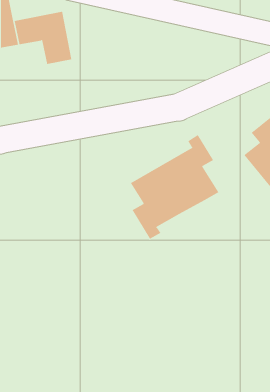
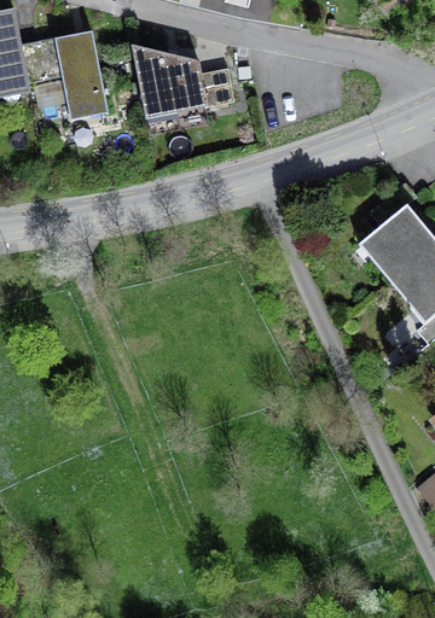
building: none -> [132,45,234,110]
building: [130,134,219,239] -> none

